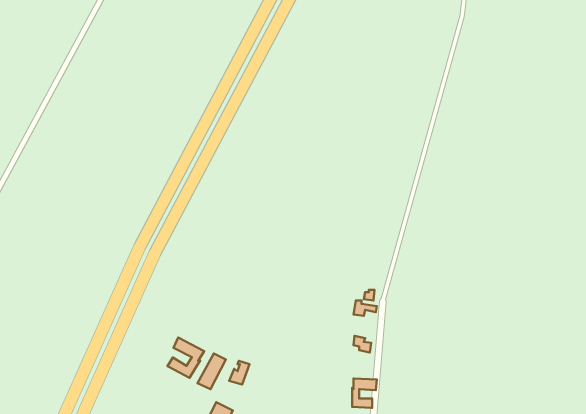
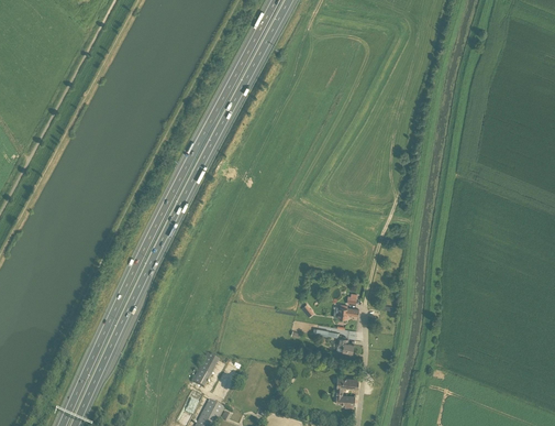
building: [167,337,204,378] -> none

